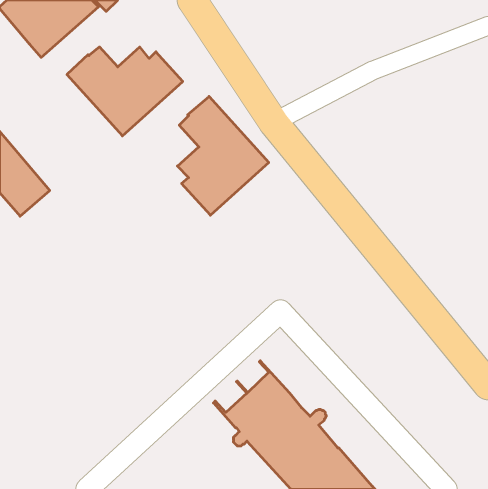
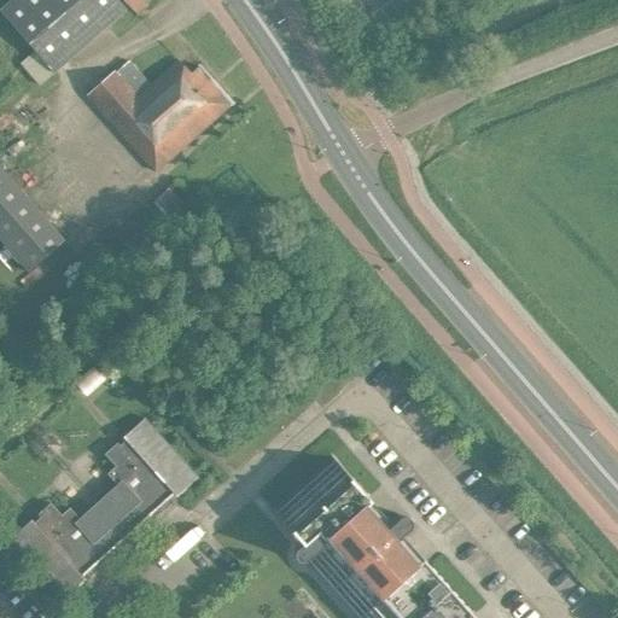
building: [177,96,269,215] -> none
building: none -> [8,418,197,597]

